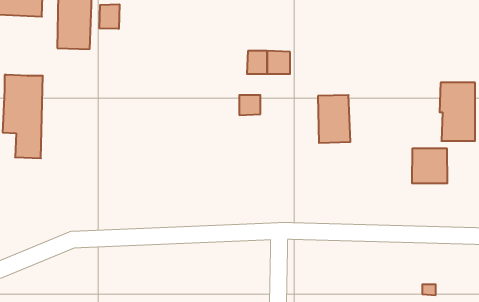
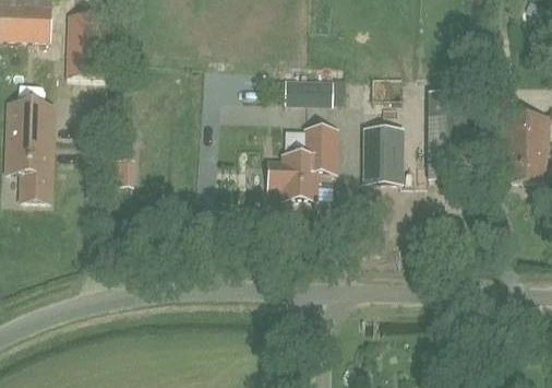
building: [99,4,119,29] -> none
building: none -> [283,127,336,200]
building: [412,148,447,183] -> none

